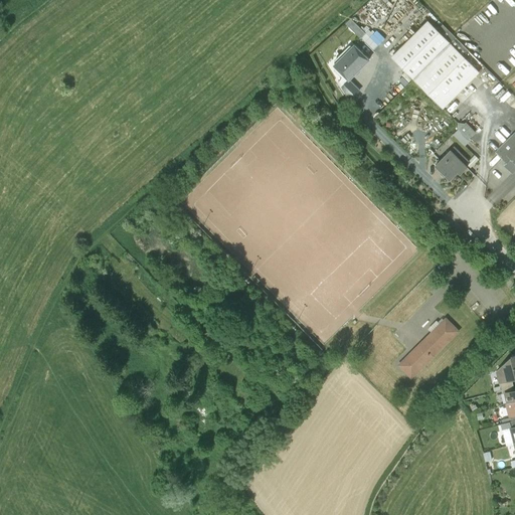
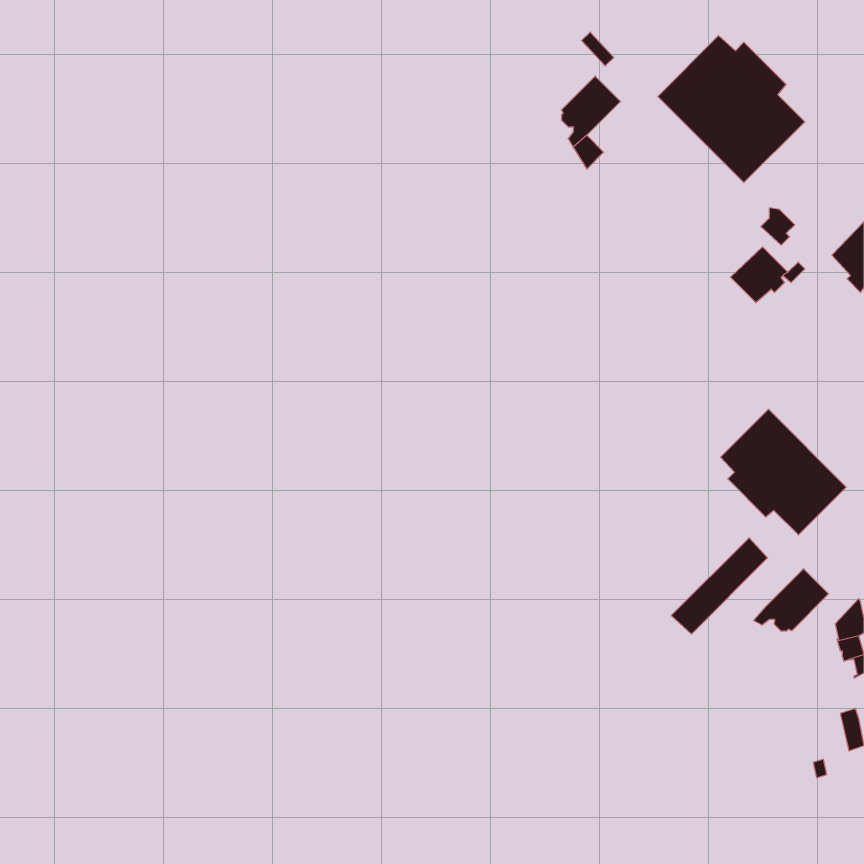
building: none -> [721,409,846,535]
building: none -> [754,569,829,631]

